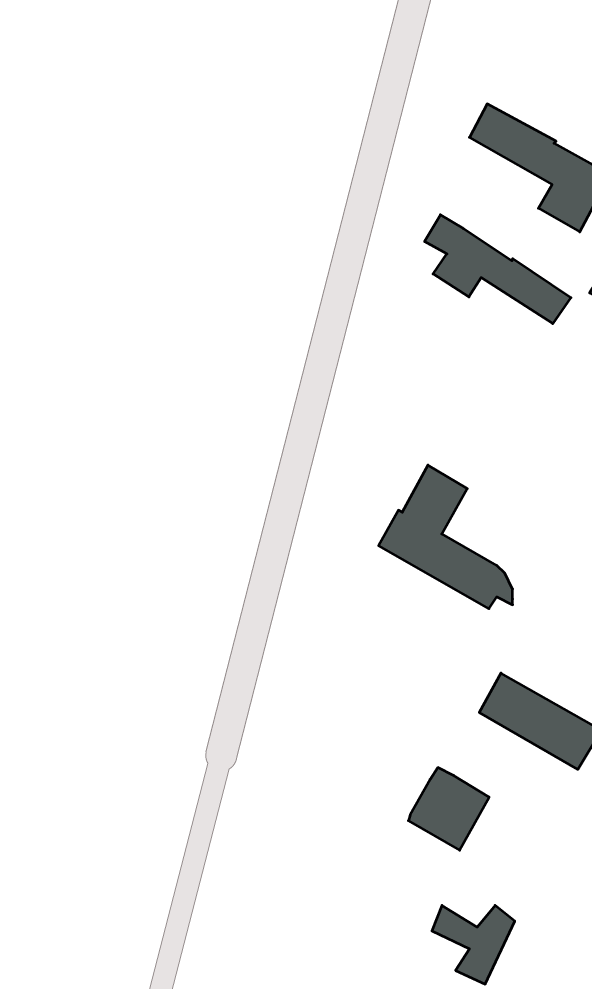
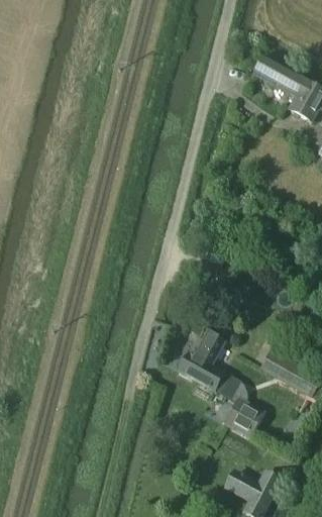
building: [425,215,571,324] -> none
building: [379,465,513,609] -> [177,328,245,402]

